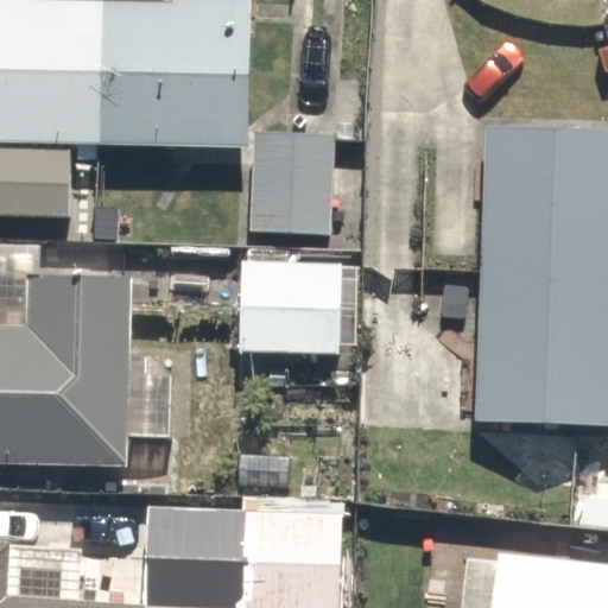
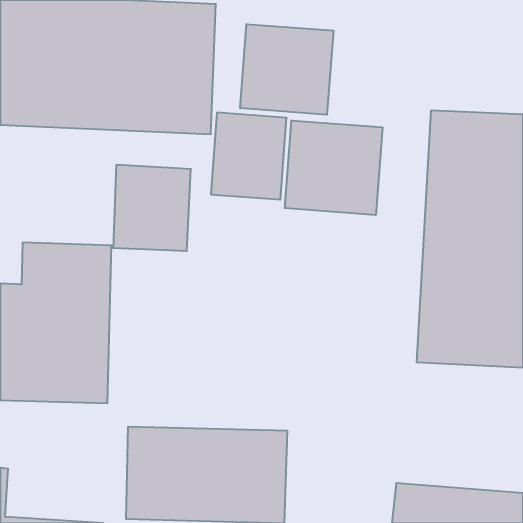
building: none -> [240,24,333,115]
building: none -> [285,120,382,215]
building: [241,248,331,348] -> [113,165,191,251]

